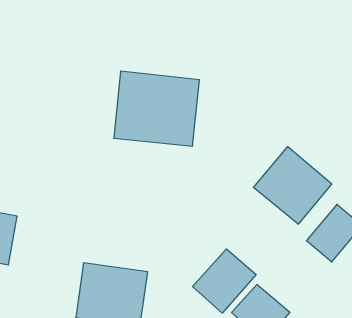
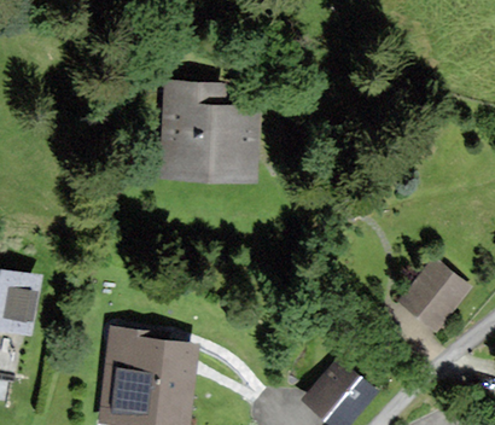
building: [253,147,332,224] -> none
building: [192,249,256,313] -> none

